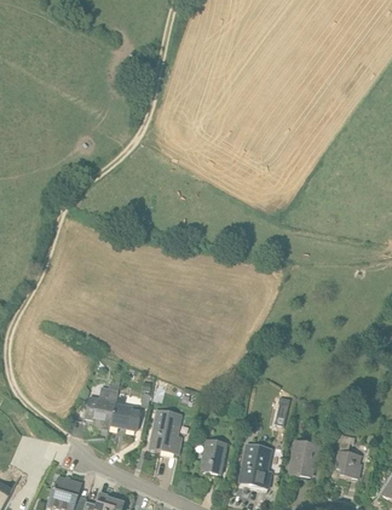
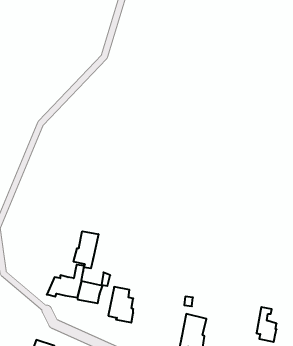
building: none -> [74,231,98,268]
building: [201,436,230,474] -> none
building: [289,439,322,476] -> none

